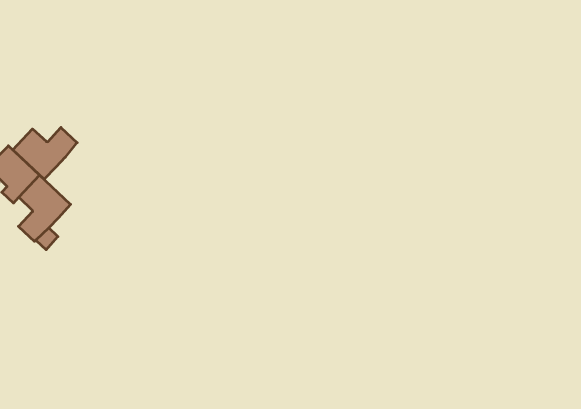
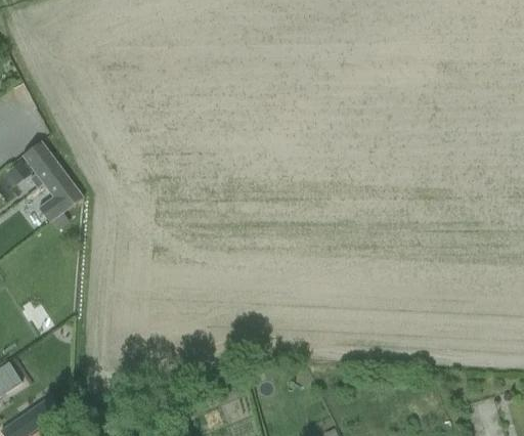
building: [13,127,77,179] -> none

